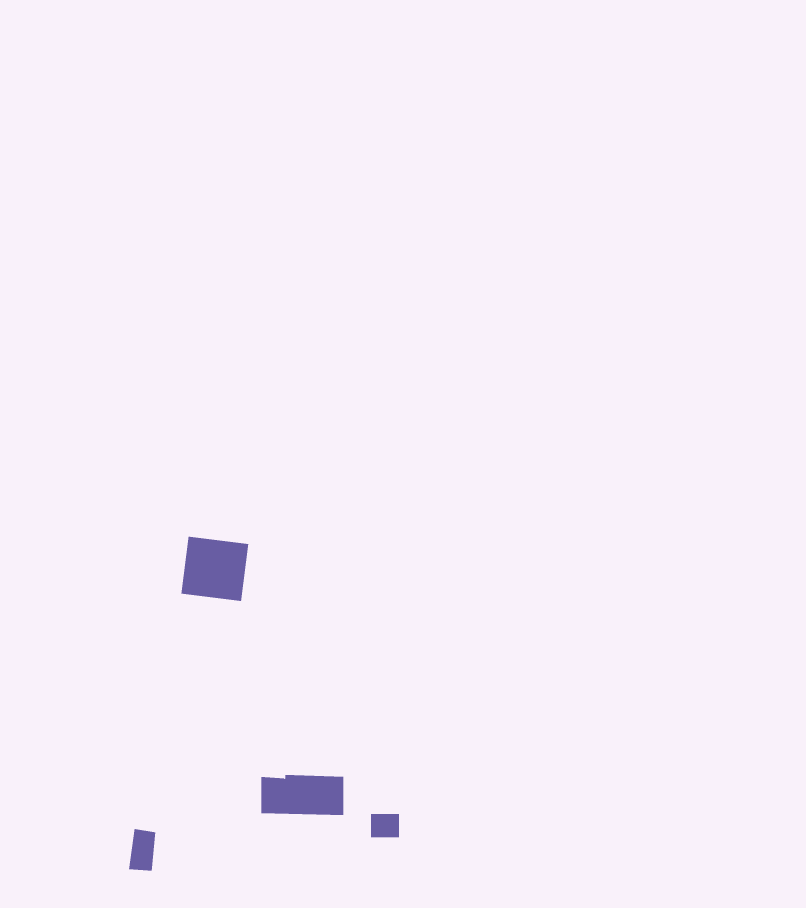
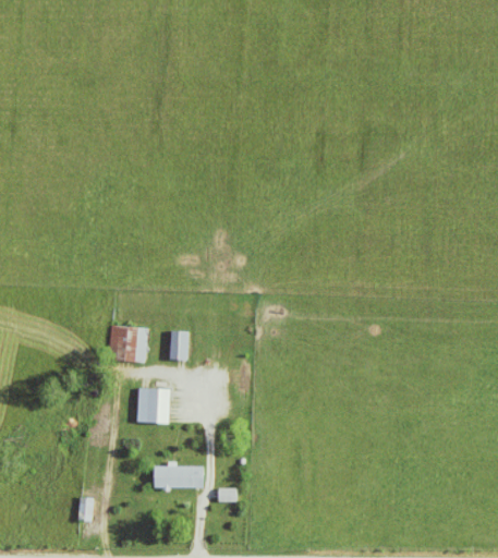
building: none -> [170,330,189,360]
building: none -> [137,387,170,423]

